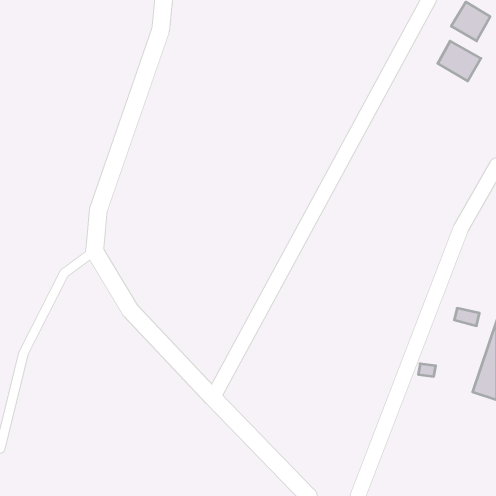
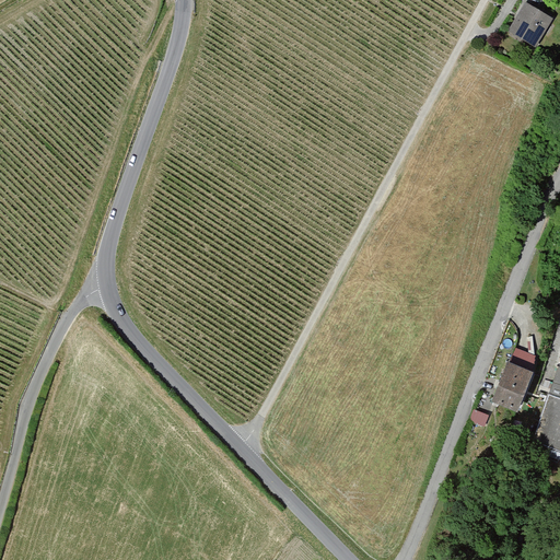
building: [438,41,481,81] -> none
building: none -> [492,361,535,410]

